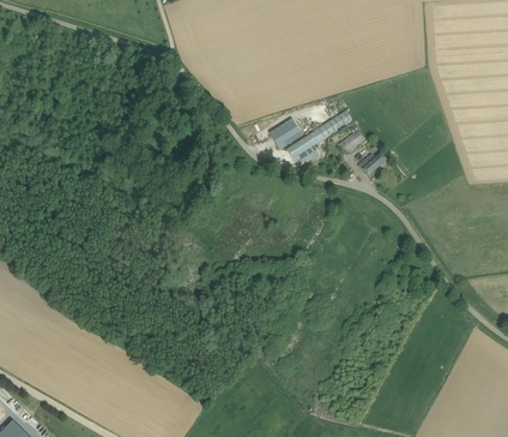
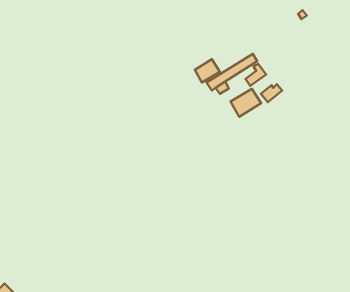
building: none -> [230,89,261,117]

